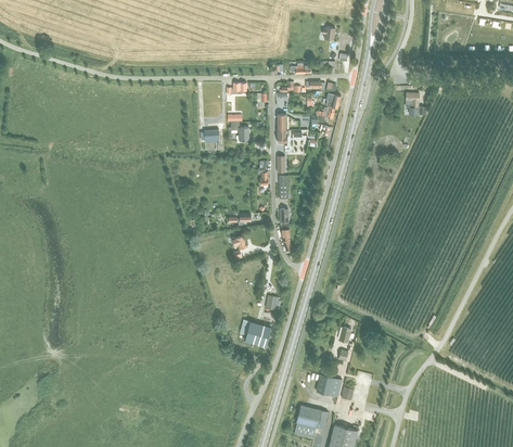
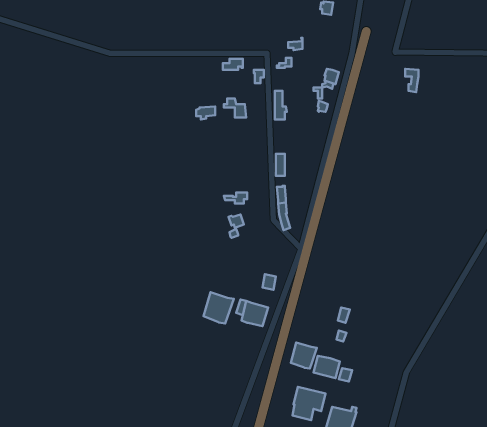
building: none -> [203,292,234,323]
building: none -> [291,342,317,369]

